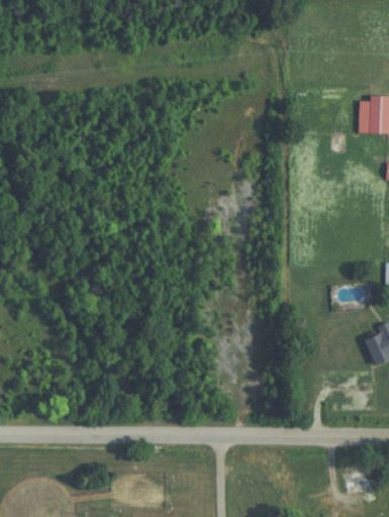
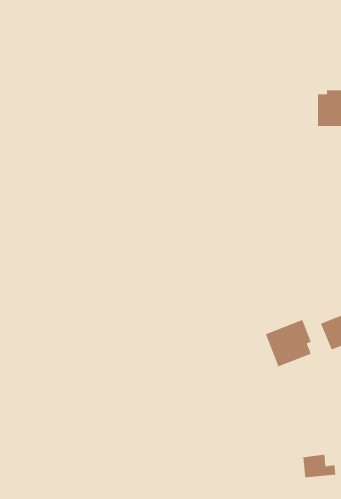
building: none -> [265,319,312,367]

